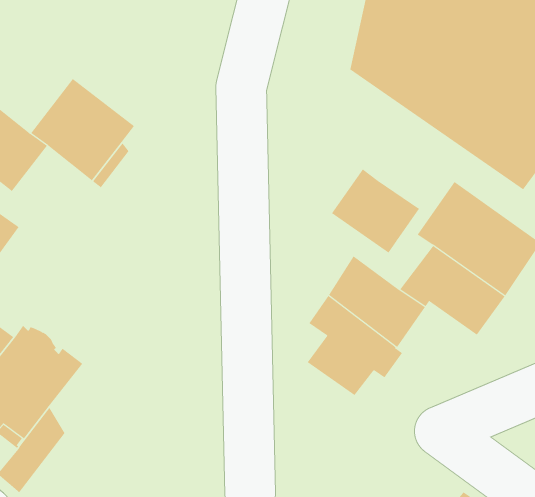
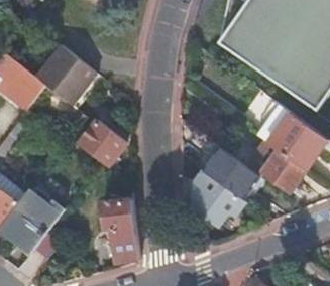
building: [331,168,420,254] -> none
building: none -> [78,120,124,165]
building: none -> [101,199,139,263]

